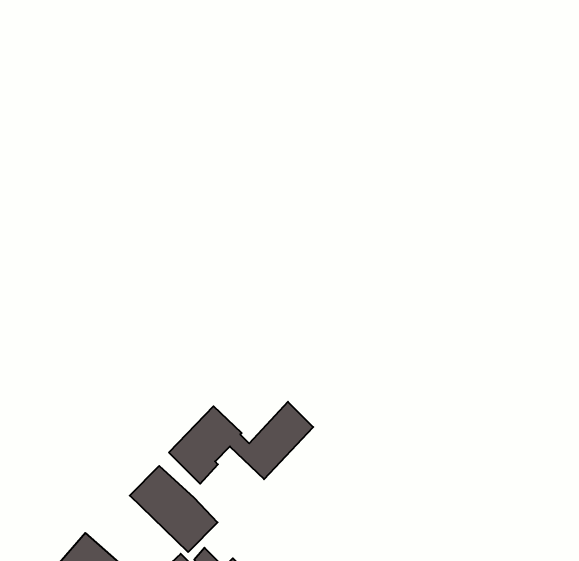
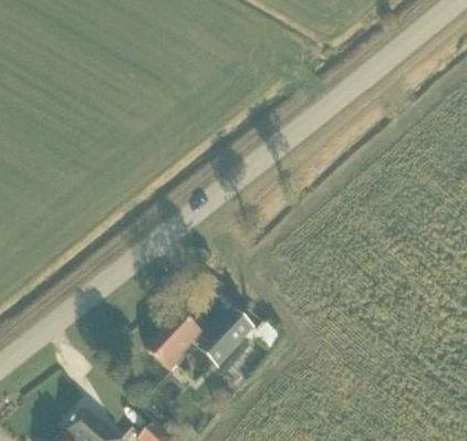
building: [130,466,218,552] -> none

